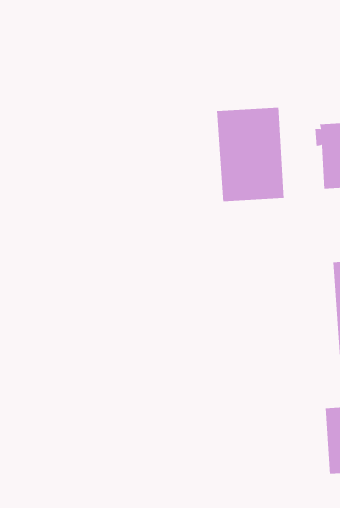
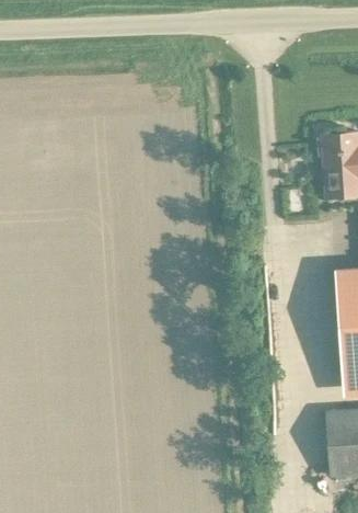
building: [217,107,284,202] -> none

